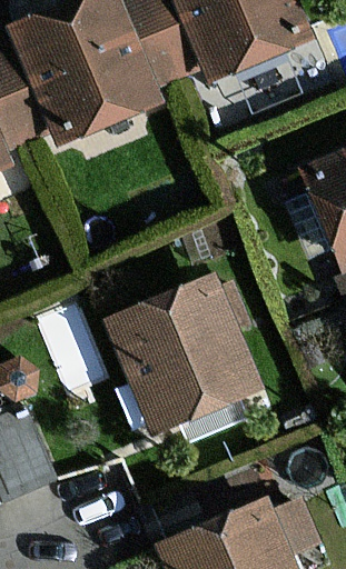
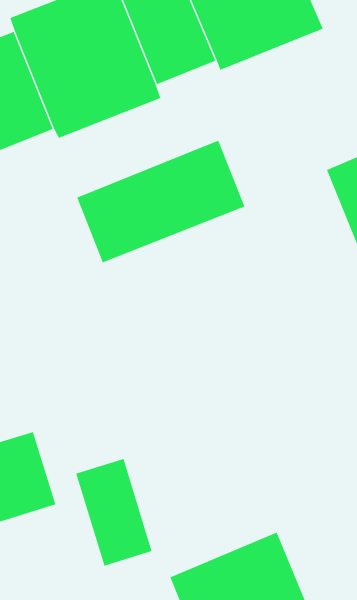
building: none -> [76,140,245,263]
building: [116,280,258,427] -> none
building: none -> [75,458,152,567]

